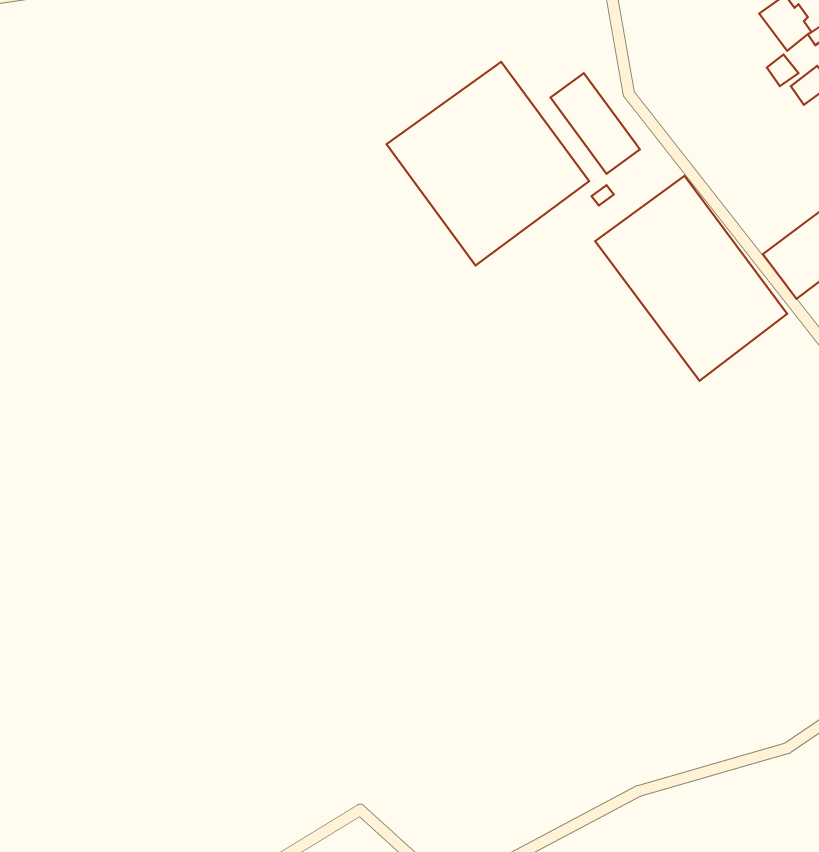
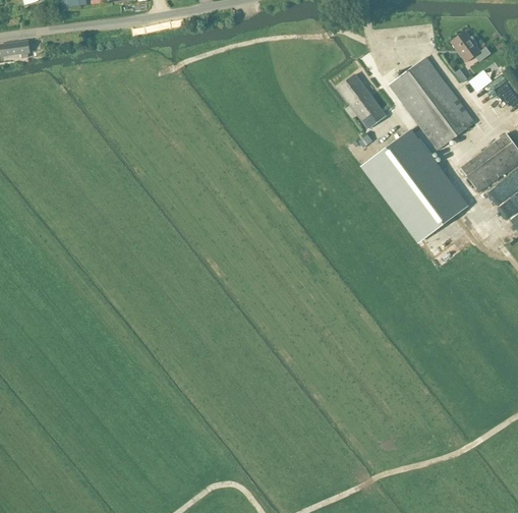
building: none -> [390,57,475,150]
building: [387,62,589,266] -> none

